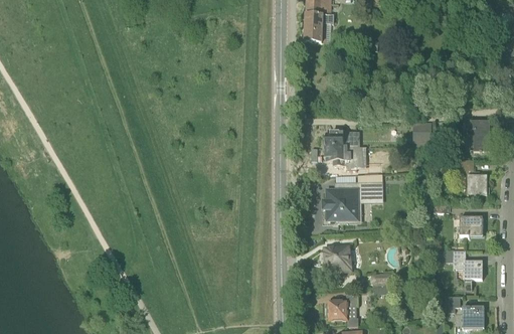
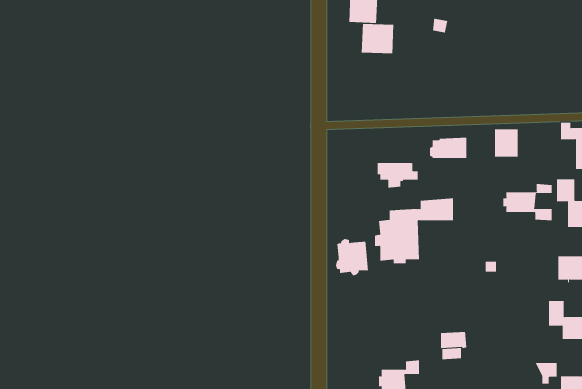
building: none -> [361,23,394,54]
building: [324,131,352,147] -> [429,137,467,159]
building: none -> [503,183,552,221]
building: [325,245,350,274] -> [335,238,369,276]

